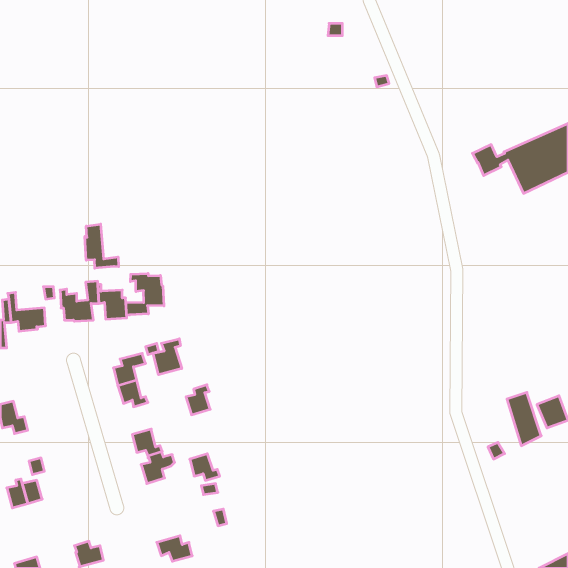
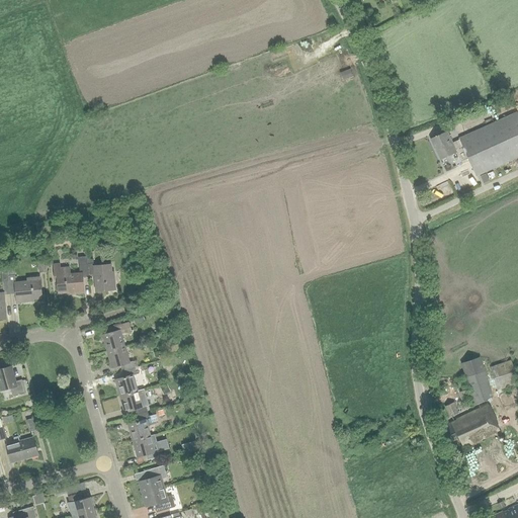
building: [85,224,119,268] -> none
building: [126,273,164,315] -> none
building: [153,339,182,375] -> none
building: [186,385,210,415] -> [115,368,138,396]
building: none -> [439,405,499,449]
building: [190,454,220,480] -> [134,435,161,459]
building: none -> [140,466,167,494]

